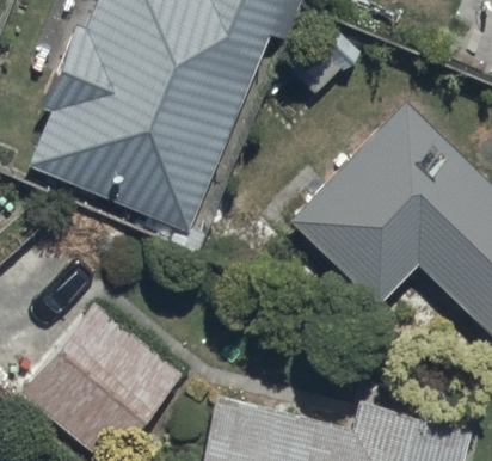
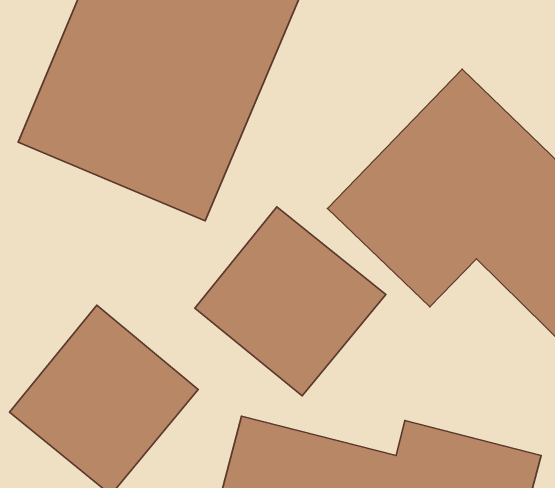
building: none -> [195,207,386,396]

